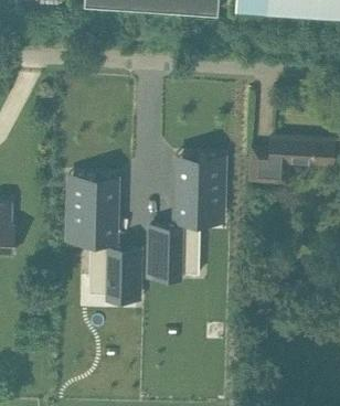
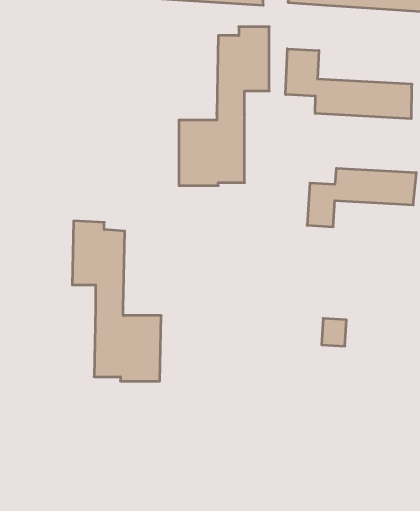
building: none -> [286,49,412,119]
building: [150,157,219,277] -> [179,27,269,186]

